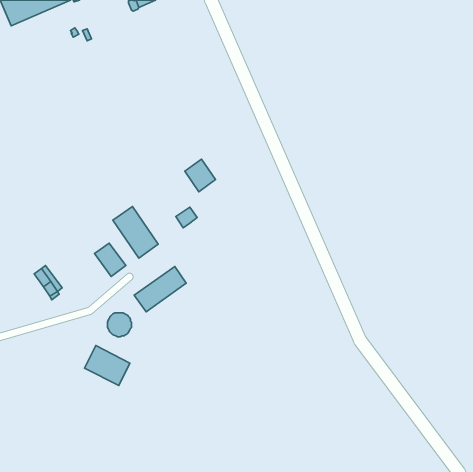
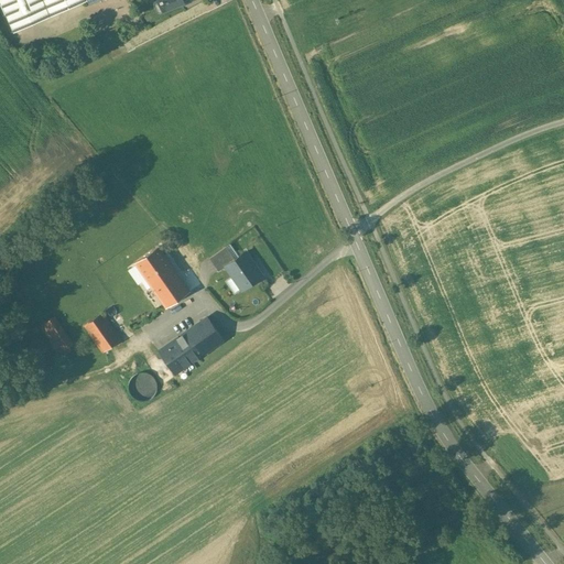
building: [185,159,215,192] -> [226,252,262,291]
building: [94,243,126,277] -> [84,314,121,354]
building: [84,346,130,385] -> none

